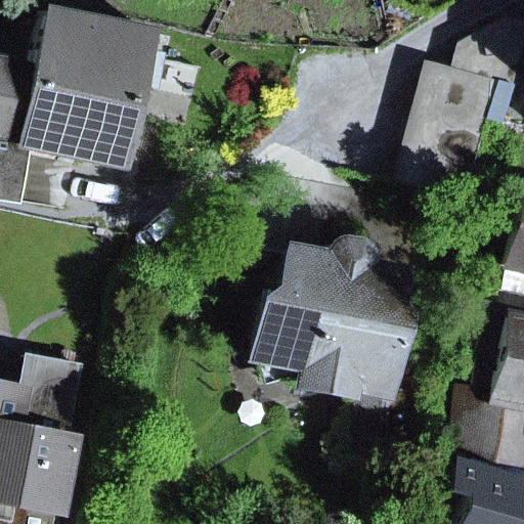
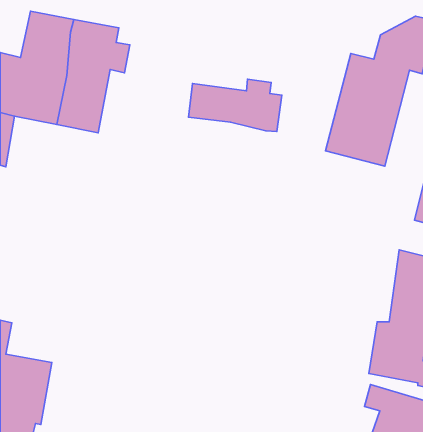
building: none -> [188,79,282,132]
building: [211,243,405,395] -> none
building: [19,356,88,439] -> none

